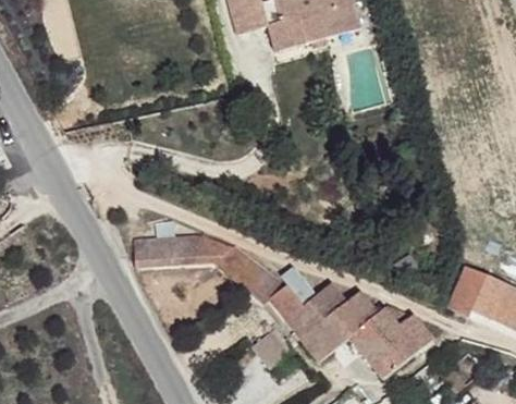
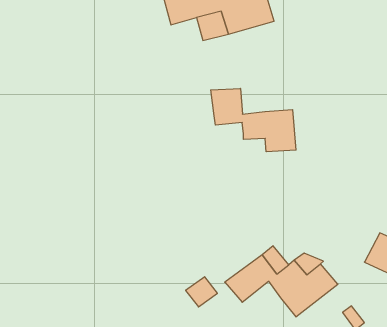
building: none -> [211,88,296,152]
building: [134,235,333,339] -> none
building: [445,269,486,320] -> none

